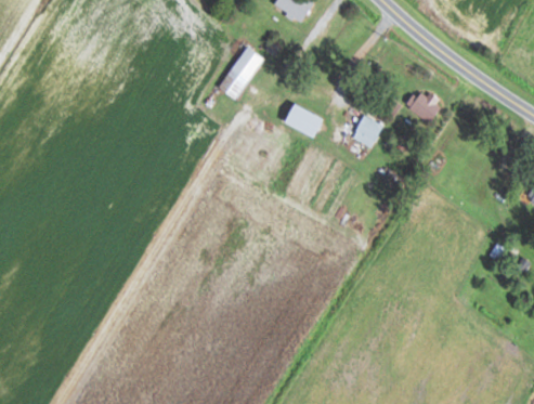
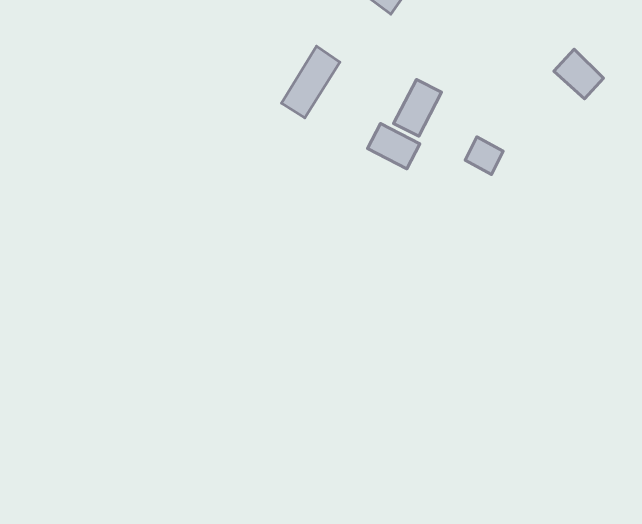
building: none -> [394,80,442,136]
building: [406,87,443,123] -> [554,49,603,99]

